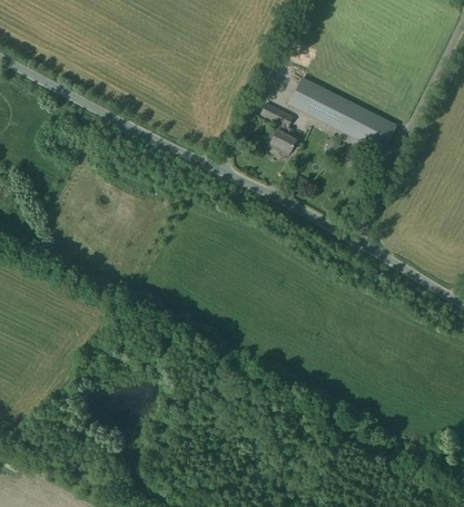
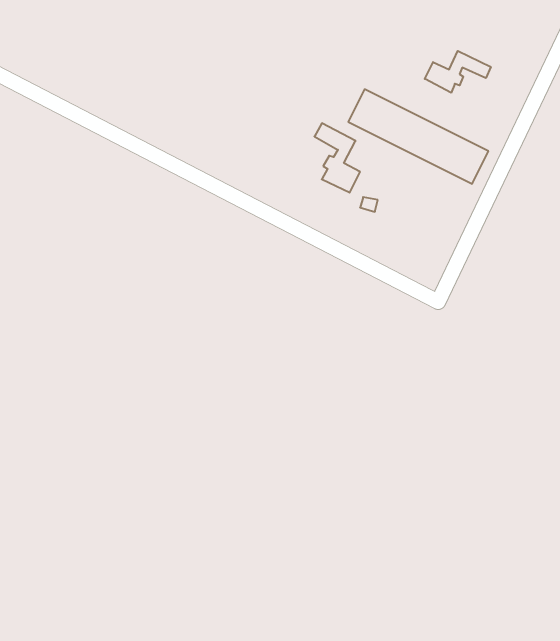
building: none -> [425,51,491,93]

